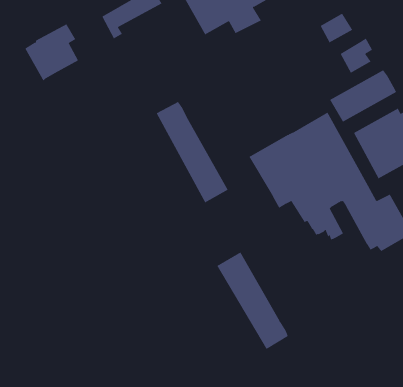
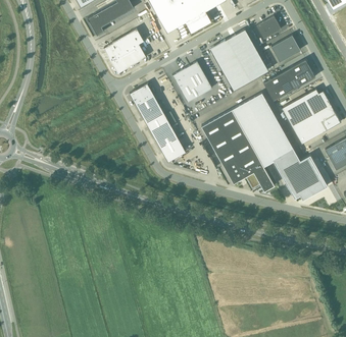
building: [25,23,79,82] -> [104,30,146,74]
building: none -> [209,30,268,91]
building: none -> [172,62,212,103]
building: [217,251,289,350] -> none

